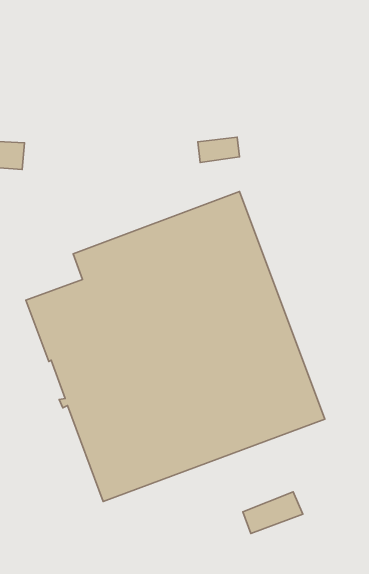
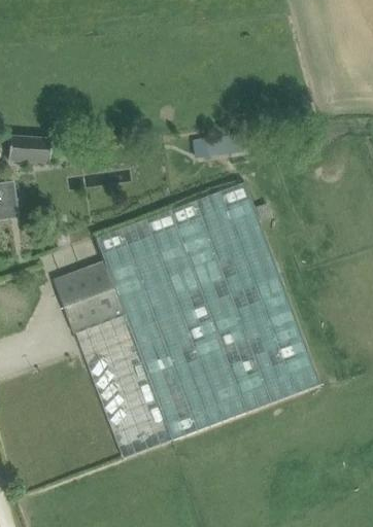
building: [243,492,303,534] -> none

